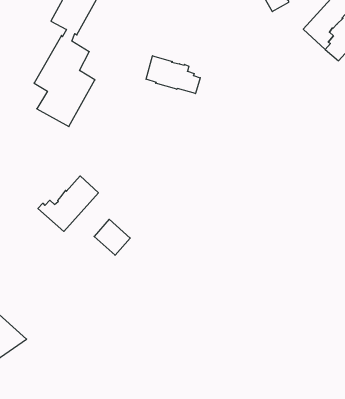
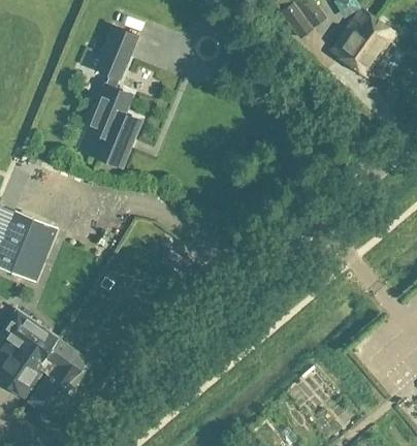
building: [146,56,200,94] -> none
building: [38,176,98,231] -> none

